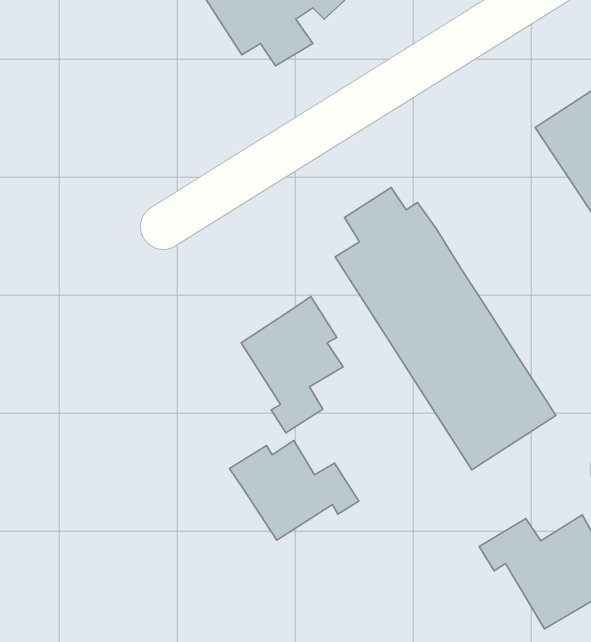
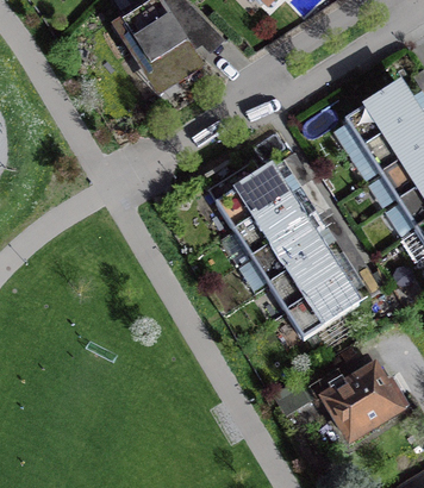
building: [241,297,343,433] -> none
building: [230,440,359,540] -> none

